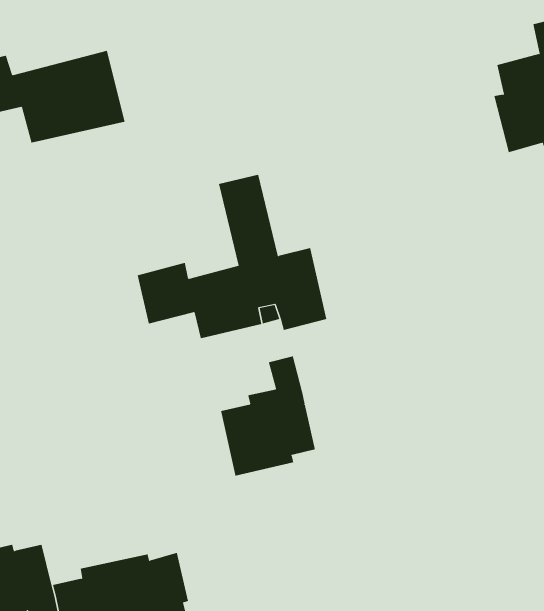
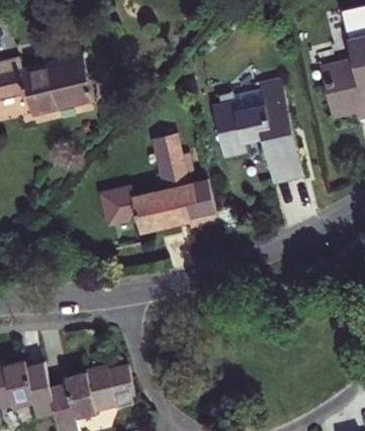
building: none -> [212,78,303,184]
building: [220,356,316,476] -> none

